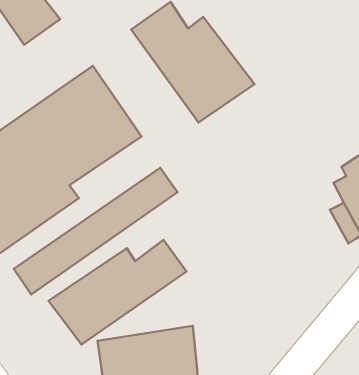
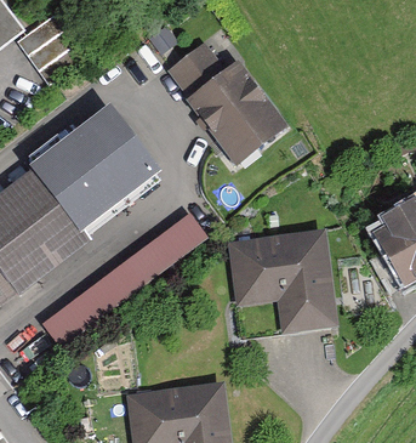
building: none -> [226,228,337,329]
building: [49,240,187,345] -> none

